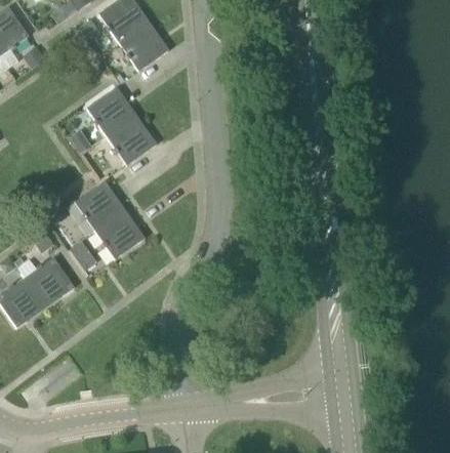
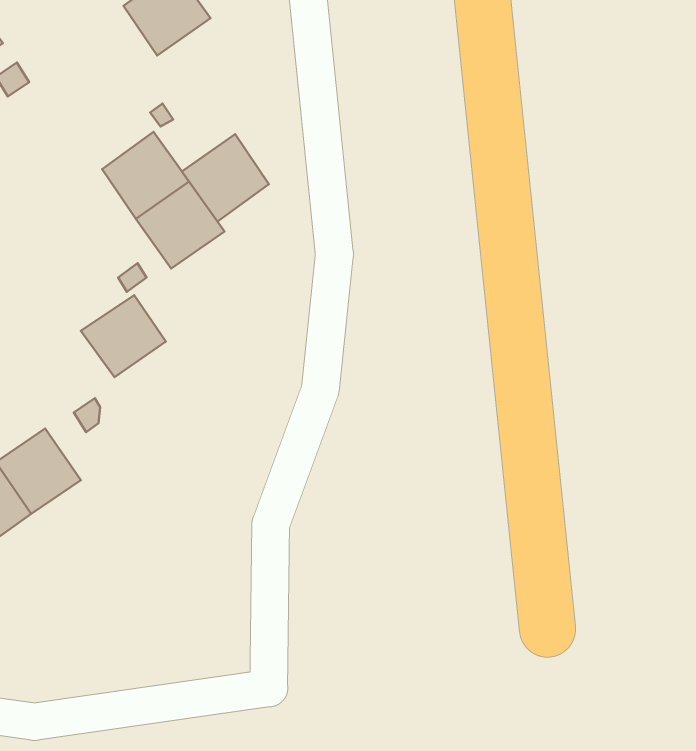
building: [118,20,168,71] -> [182,134,269,221]
building: [93,207,145,258] -> none

